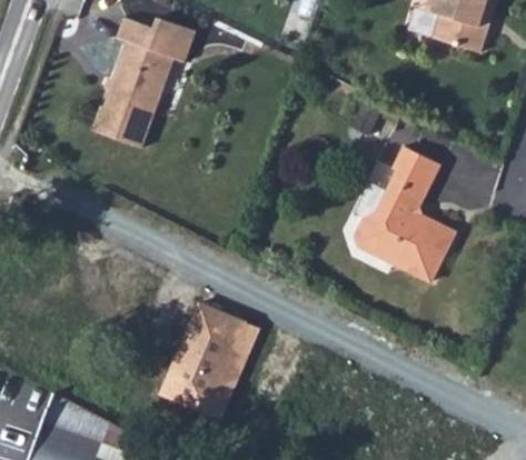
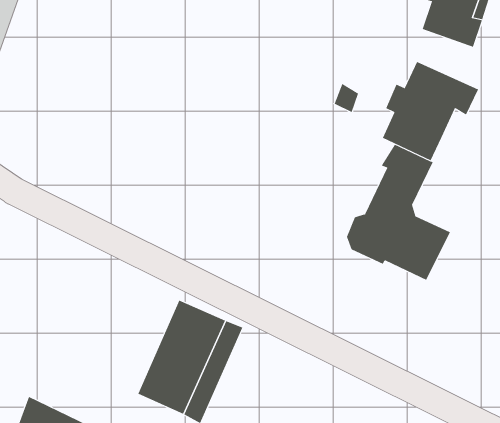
building: [90,17,192,149] -> none
building: none -> [382,61,479,161]

